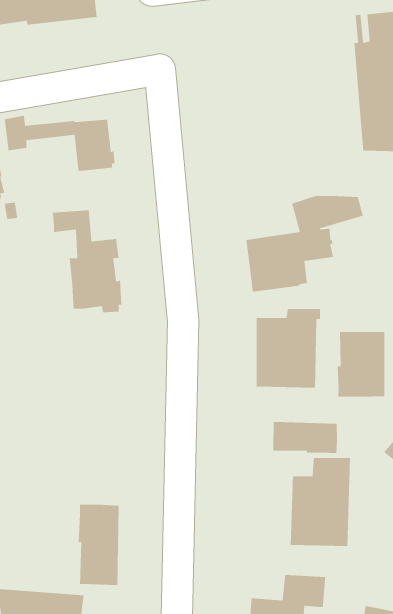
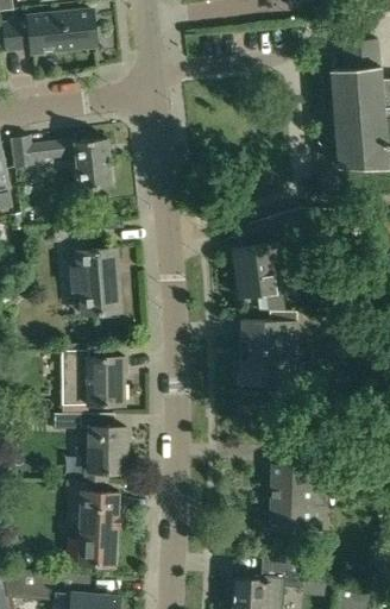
building: [337,331,385,398] -> none
building: none -> [61,350,124,406]
building: none -> [54,414,125,482]
building: [273,421,338,454] -> none

